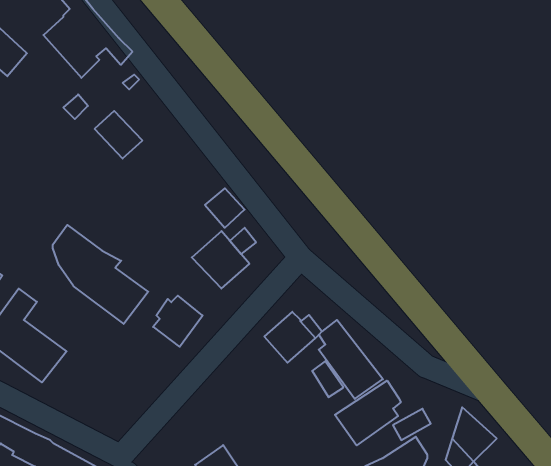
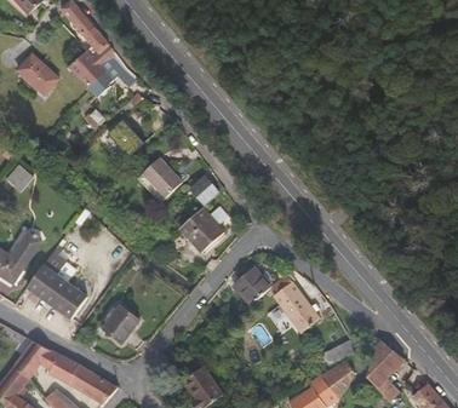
building: none -> [142,157,181,196]
building: [53,225,148,324] -> none
building: [153,296,203,347] -> [102,305,138,343]
building: [335,381,401,445] -> none

